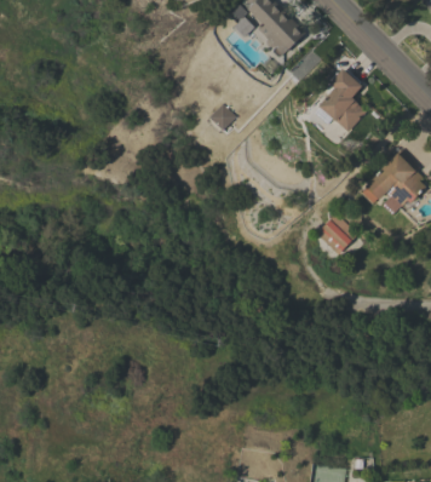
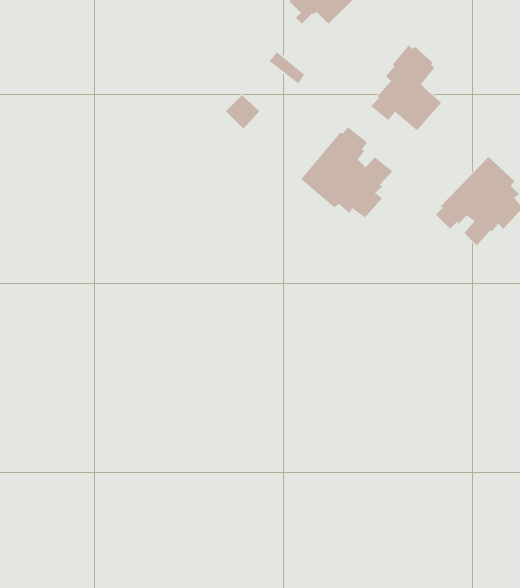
building: none -> [300,126,393,218]
building: [316,213,357,254] -> none

